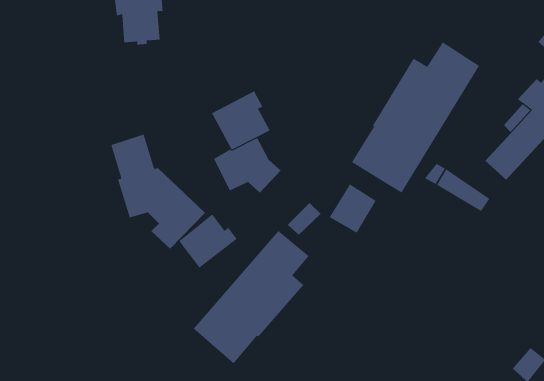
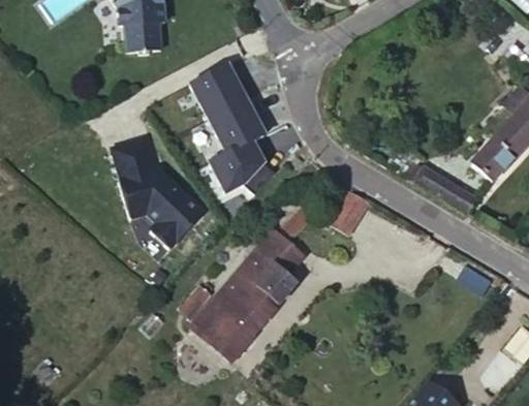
building: [351,41,480,193] -> none
building: none -> [191,62,251,118]
building: [179,214,237,269] -> none

